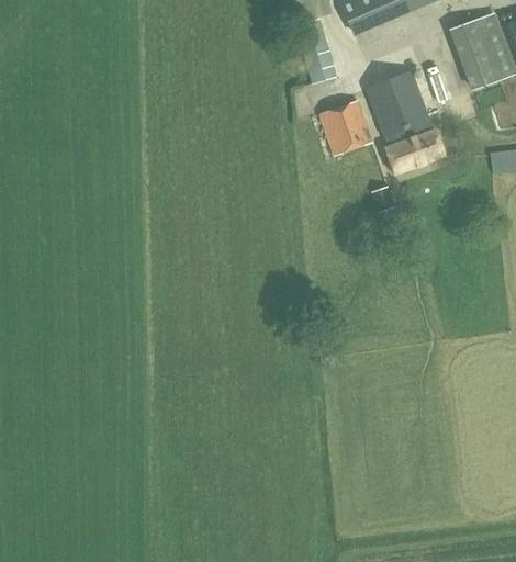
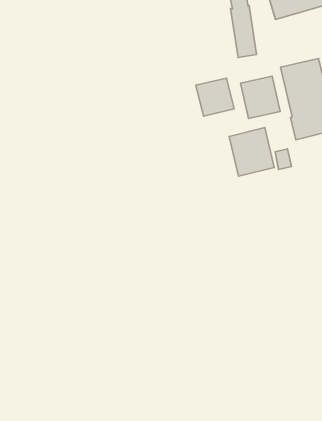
building: none -> [196,78,234,116]
building: none -> [229,128,274,176]

